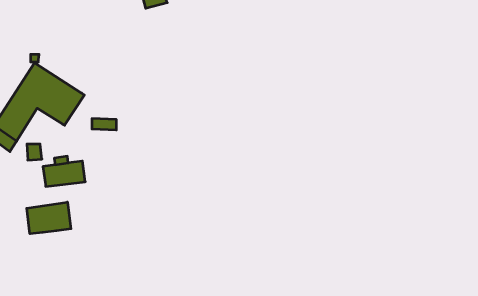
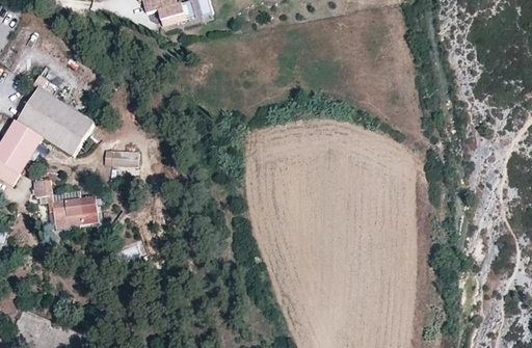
building: [27,202,71,234] -> none

